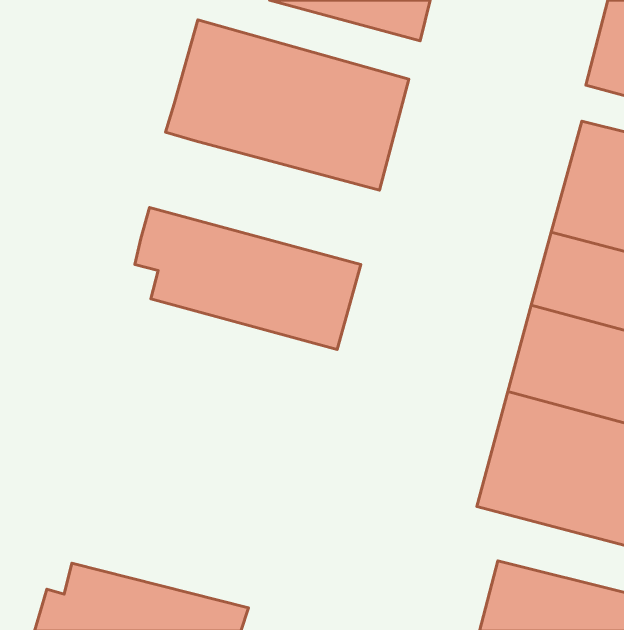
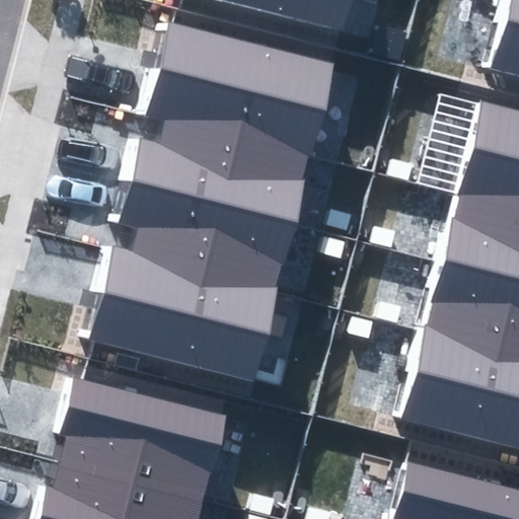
building: none -> [129,117,317,218]
building: none -> [83,241,283,382]
building: none -> [58,377,233,500]

